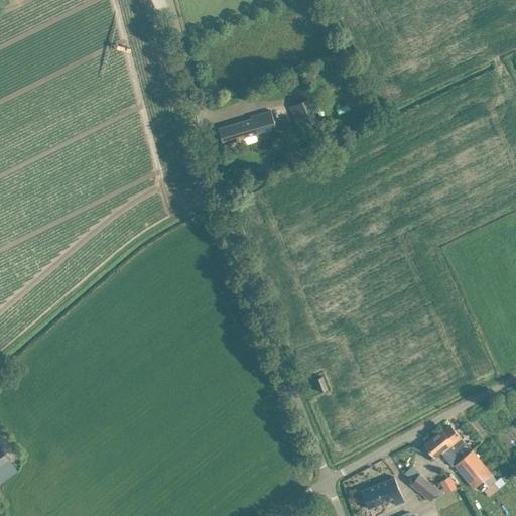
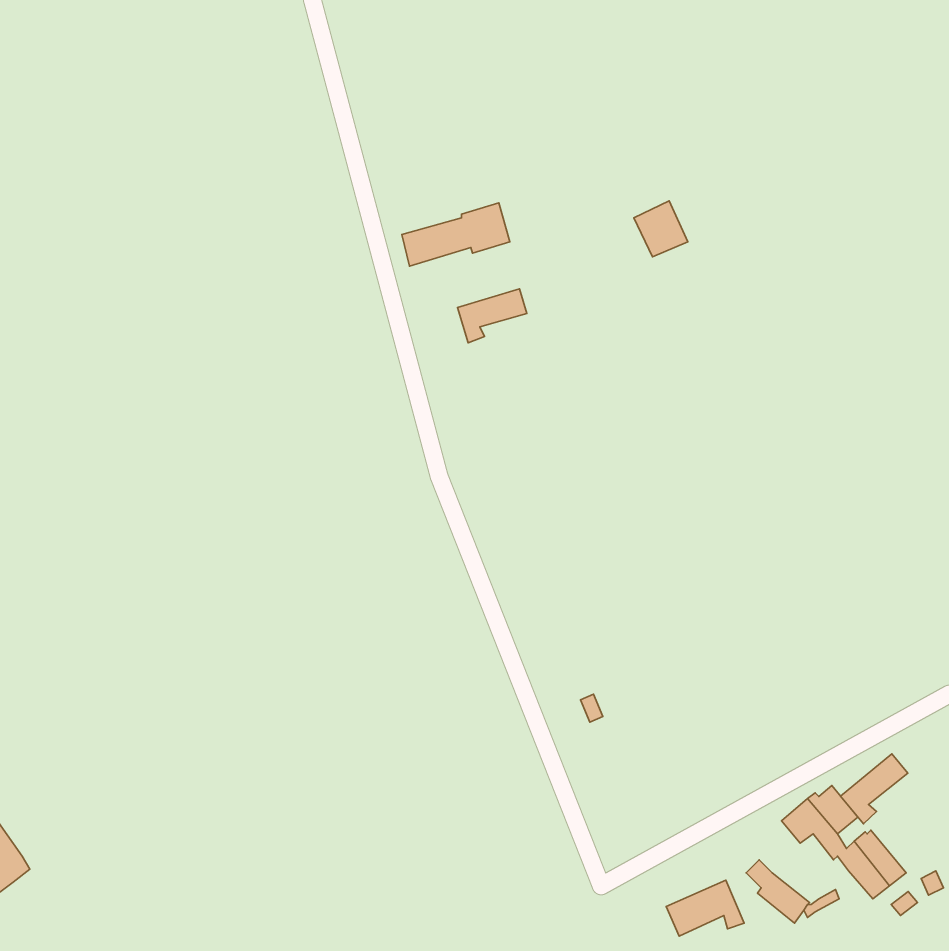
building: [288,98,317,128] -> [634,201,688,257]
building: none -> [458,289,527,343]
building: none -> [841,754,908,824]

